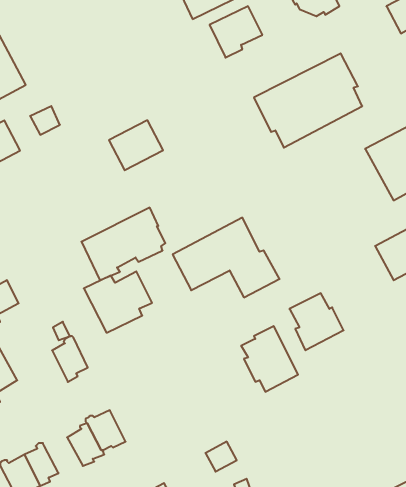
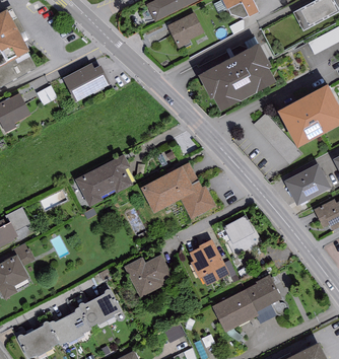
building: [109,120,163,170] -> [64,64,103,99]
building: [84,271,152,333] -> [123,254,172,297]
building: [52,336,88,382] -> [95,288,121,320]
building: none -> [212,273,282,332]
building: none -> [49,317,76,345]

